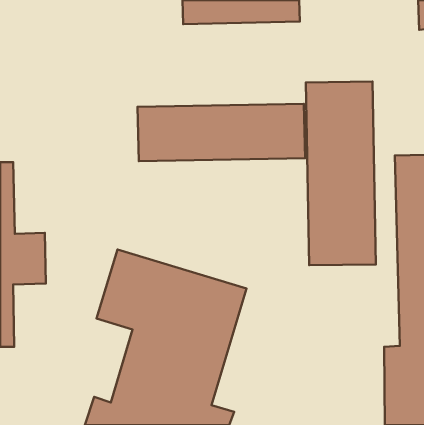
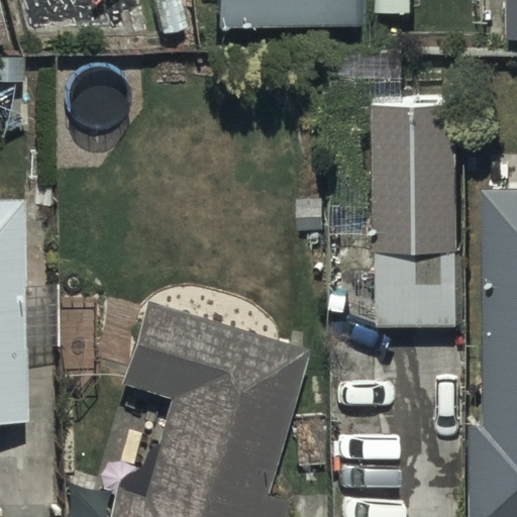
building: [137,104,305,161] -> none

